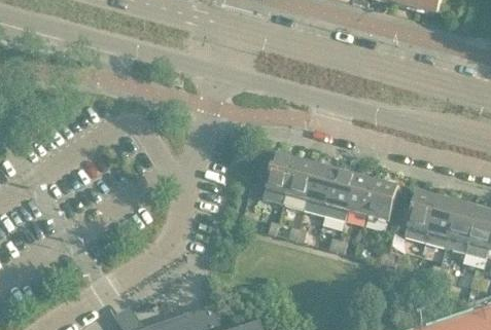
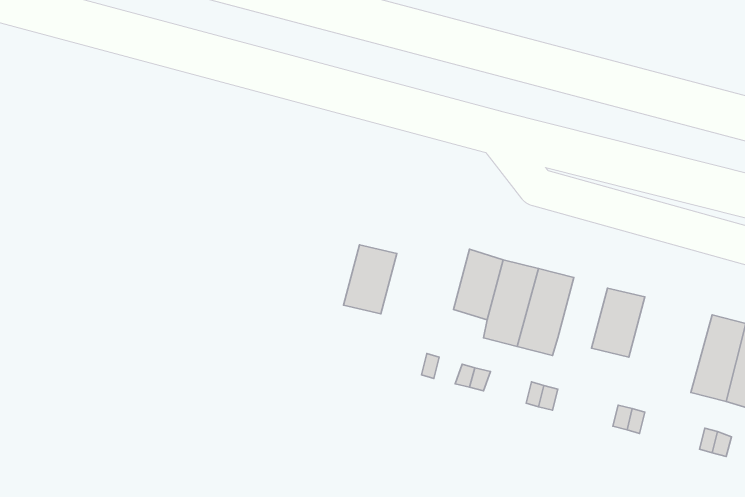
building: [264,153,294,193] -> [344,245,397,314]
building: [346,175,375,216] -> none
building: [402,191,435,242] -> none

